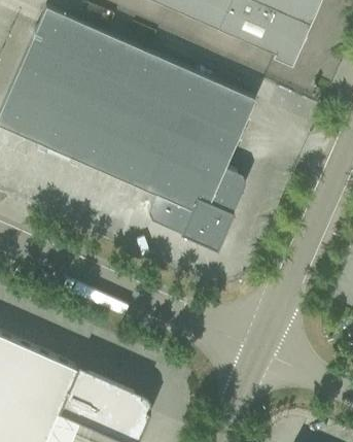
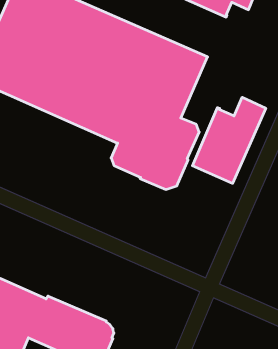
building: none -> [192,97,266,183]

